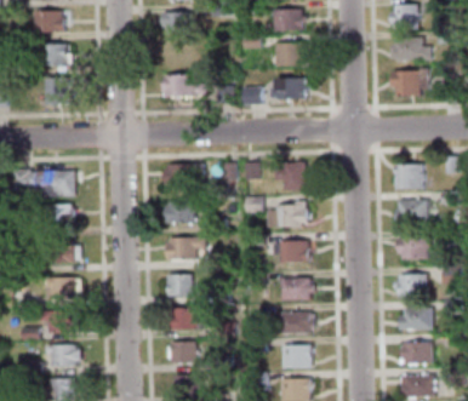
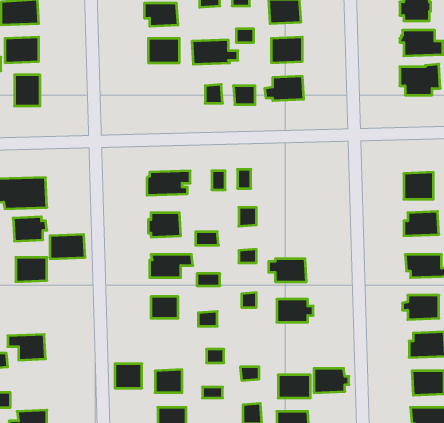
building: [164,75,205,97] -> [192,40,238,64]
building: [275,164,308,190] -> none
building: [268,201,307,228] -> none
building: [46,277,78,299] -> [50,234,85,259]
building: [172,308,196,330] -> [115,364,142,388]
building: [282,313,314,334] -> [314,368,349,393]
building: [46,344,81,367] -> none

